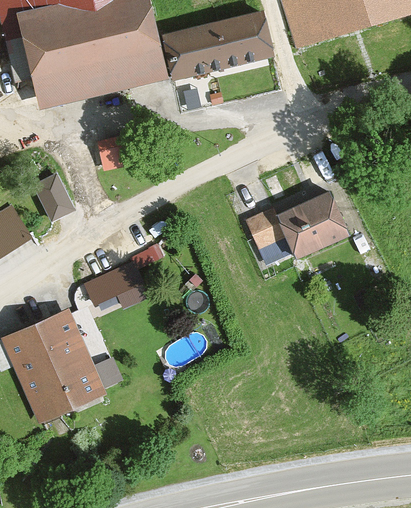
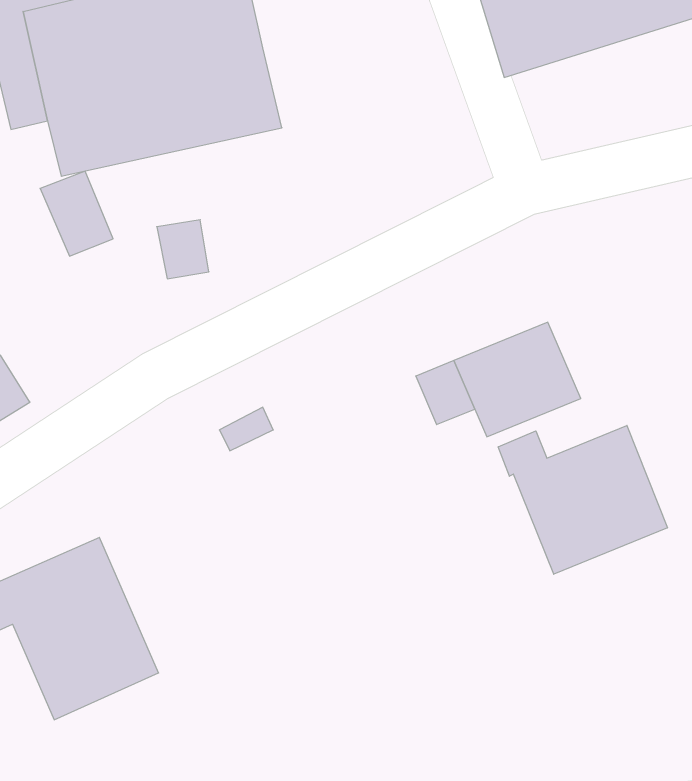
building: [160,10,272,79] -> none
building: [36,168,78,217] -> [40,171,113,256]
building: none -> [498,425,667,574]
building: [86,257,151,313] -> none

